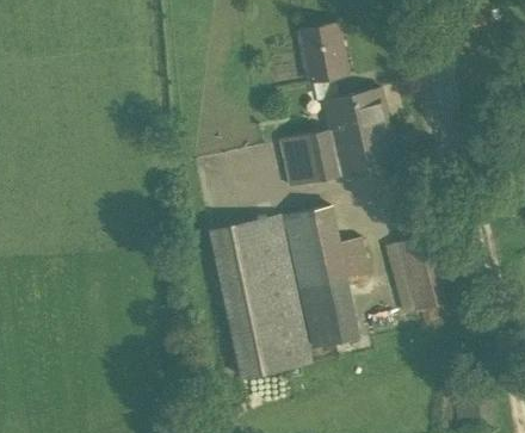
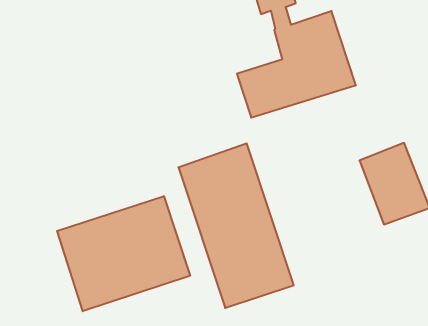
building: [282,205,370,350] -> none
building: none -> [57,196,190,311]

